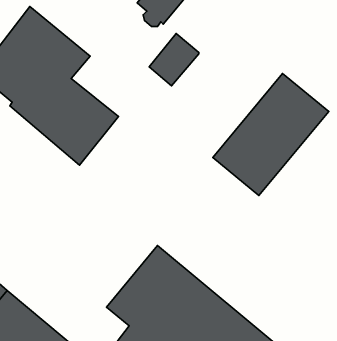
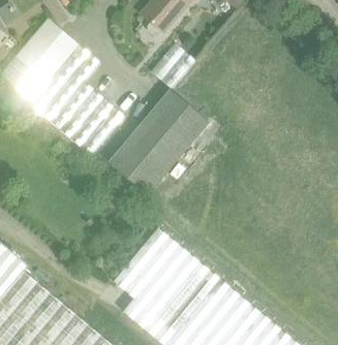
building: [213,74,329,196] -> [107,93,209,199]

